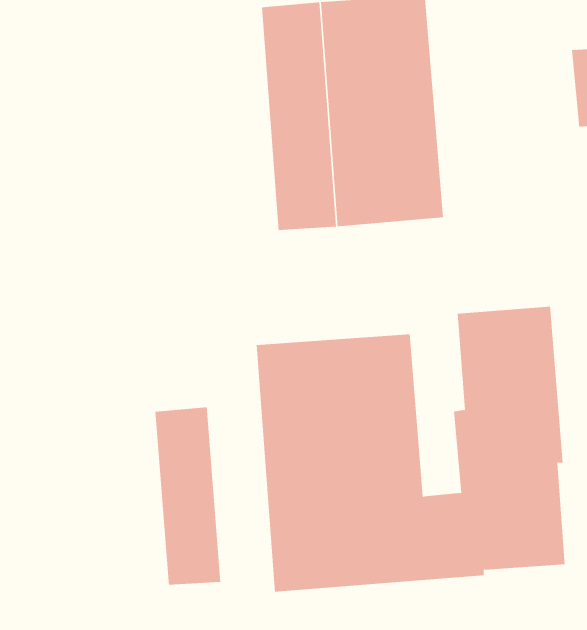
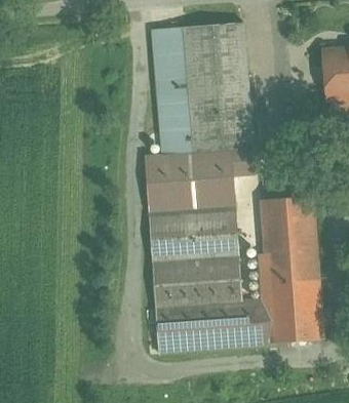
building: none -> [144,146,256,216]
building: [155,406,221,586] -> none

